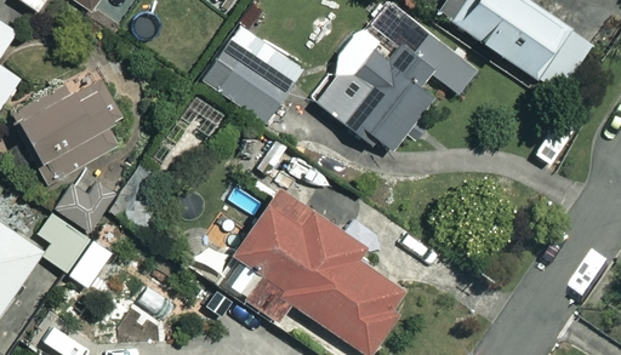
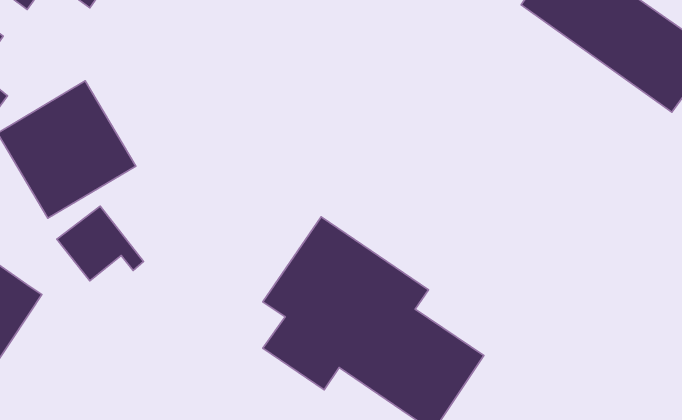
building: [314,10,479,156] -> none
building: [203,27,302,124] -> none
building: [39,213,98,280] -> none

